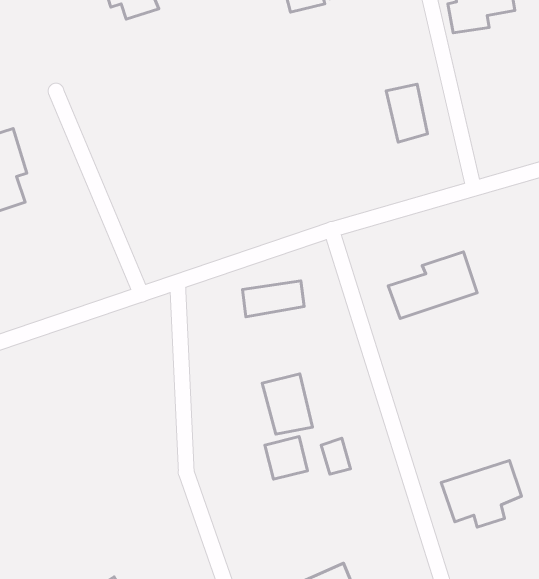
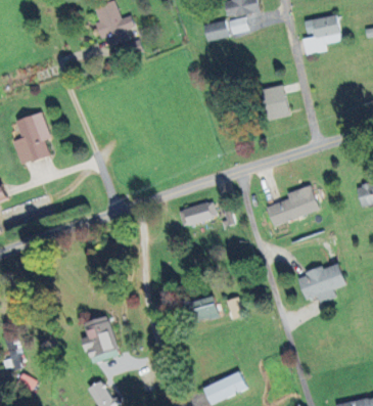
building: [262,374,312,434] -> none
building: [441,460,522,527] -> [297,263,345,303]
building: none -> [84,316,119,363]

